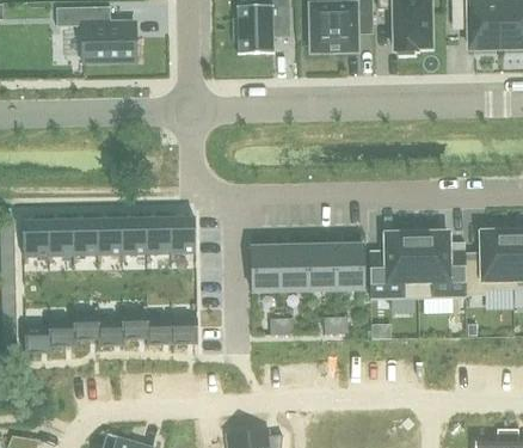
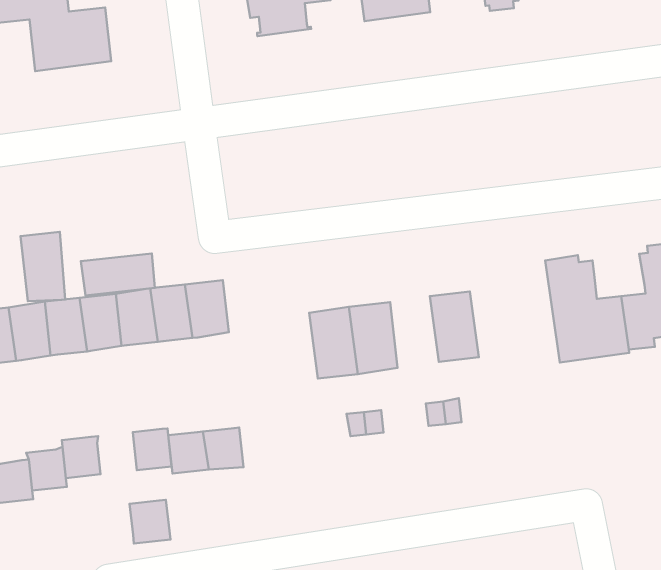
building: none -> [21,232,65,301]
building: none -> [81,253,155,295]
building: [369,227,418,297] -> none
building: [307,243,336,289] -> none
building: [97,318,122,345] -> [130,500,170,544]

